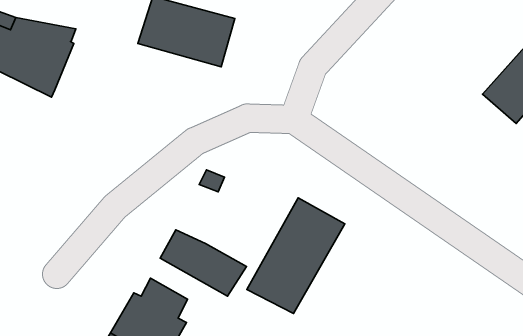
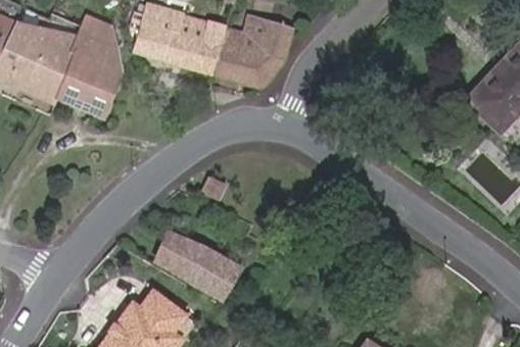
building: none -> [216,18,292,87]
building: none -> [54,29,121,115]
building: [247,198,345,314] -> none

